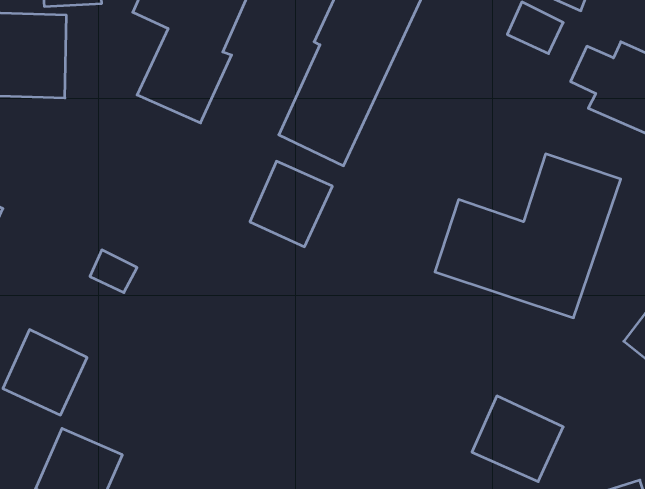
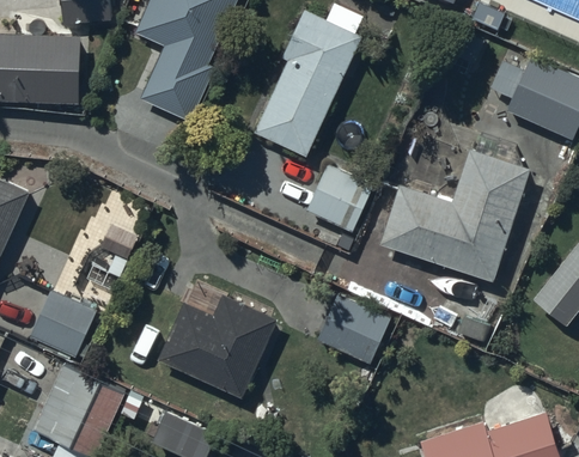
building: [250,161,332,247] -> [306,164,373,233]
building: none -> [158,295,275,396]
building: [472,396,563,482] -> [317,294,391,364]

